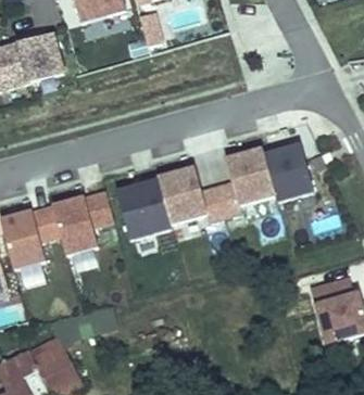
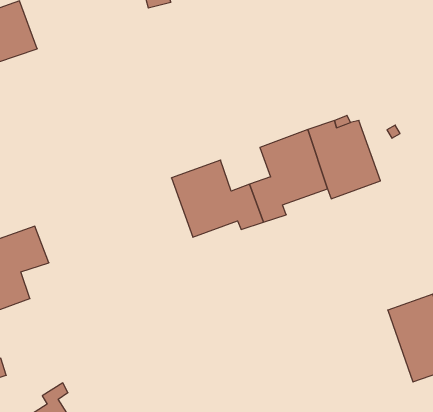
building: [116,177,171,239] -> none
building: [51,192,112,255] -> none

